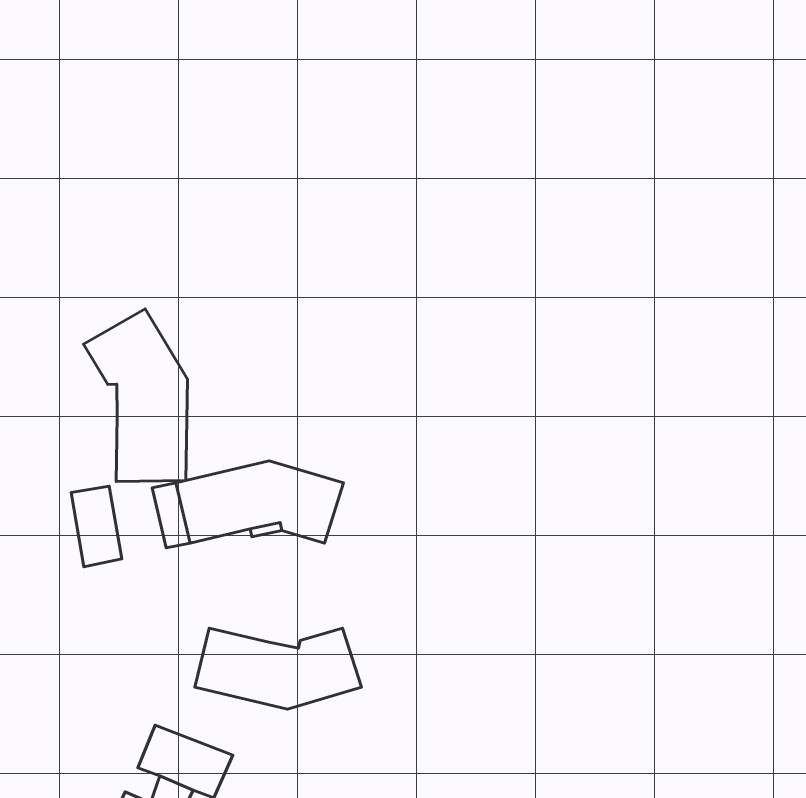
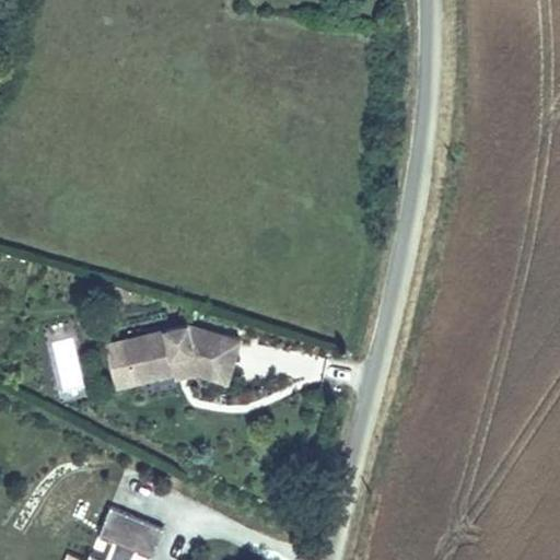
building: [84,309,187,482] -> none
building: [195,628,361,709] -> none

